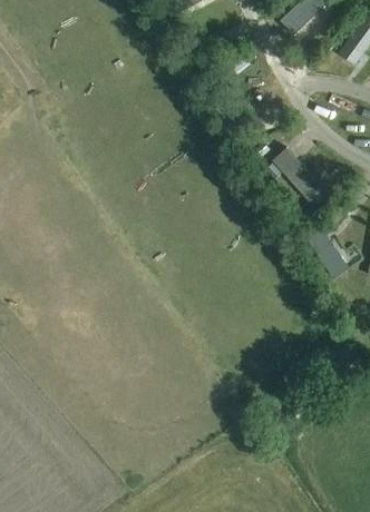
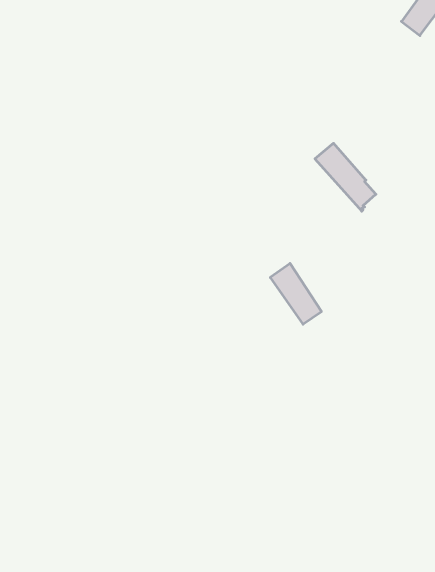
building: [309,232,349,279] -> [270,263,321,324]

